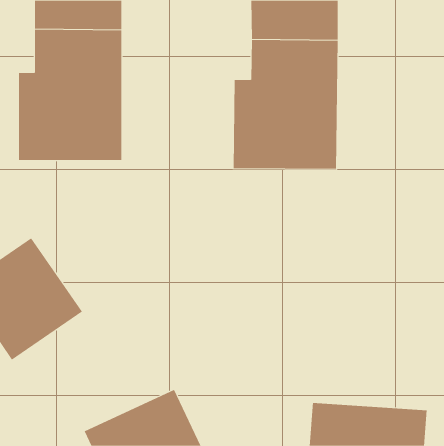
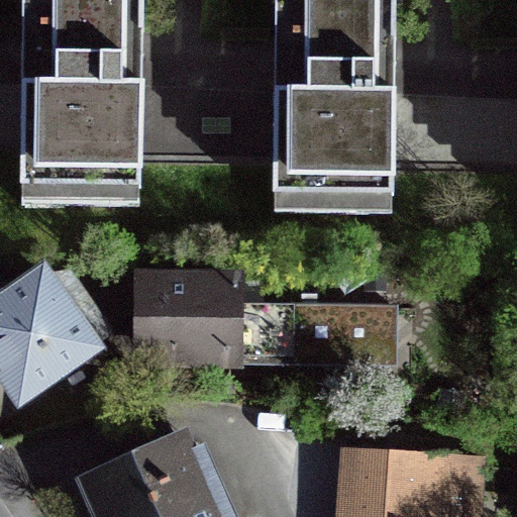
building: none -> [151,285,394,355]

